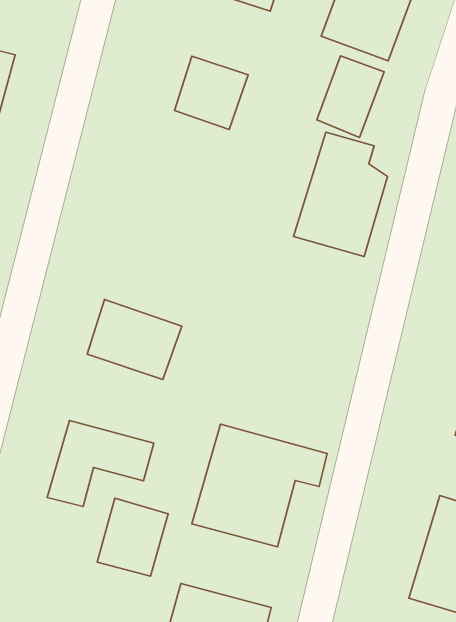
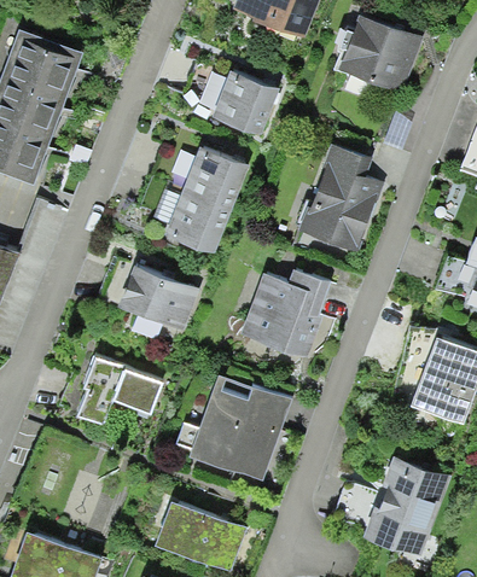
building: [317,56,384,137] -> none
building: none -> [156,141,249,251]
building: none -> [239,267,325,357]
building: [97,498,168,576] -> none

